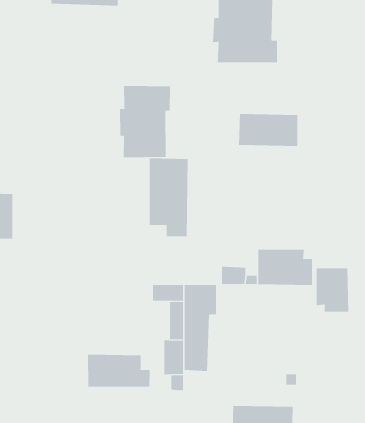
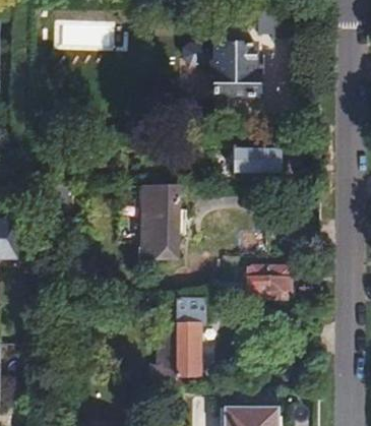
building: [120,85,171,158] -> none
building: [316,267,349,312] -> none
building: [88,354,150,388] -> none

